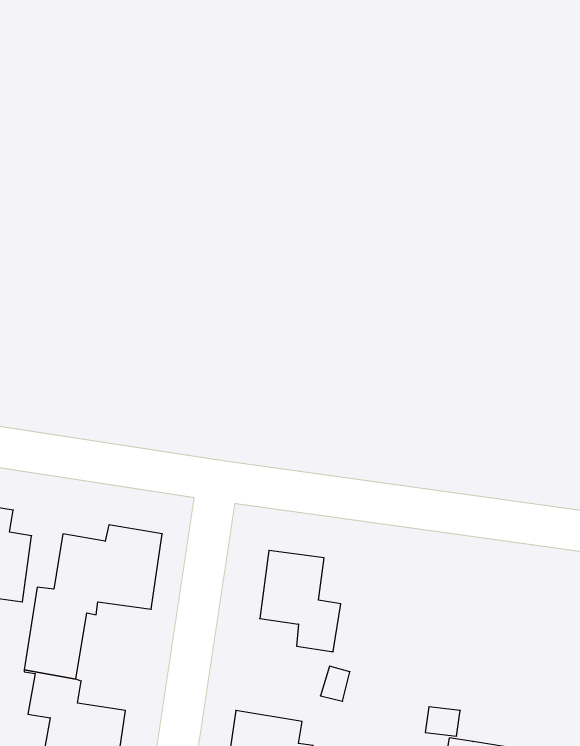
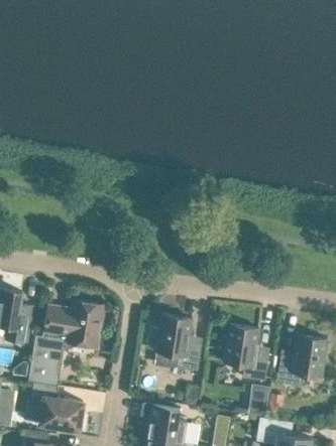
building: none -> [223,325,268,382]
building: none -> [276,335,327,387]

